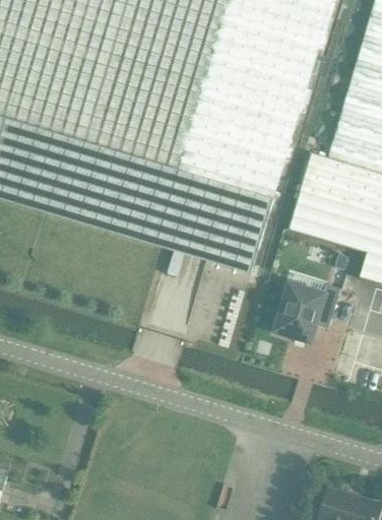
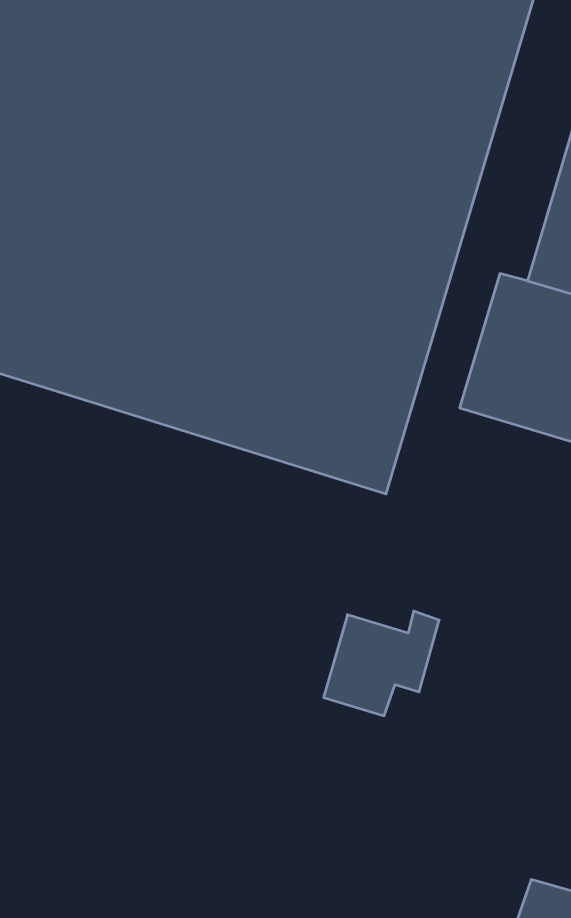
building: [275,283,339,341] -> [324,611,439,716]

